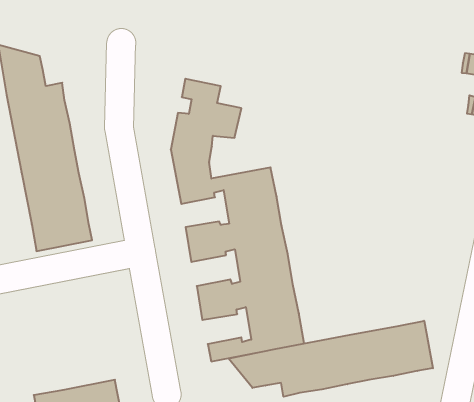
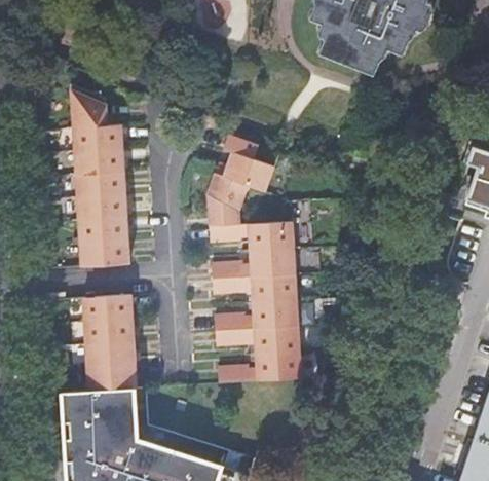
building: none -> [82,295,134,391]
building: [229,321,433,397] -> none

